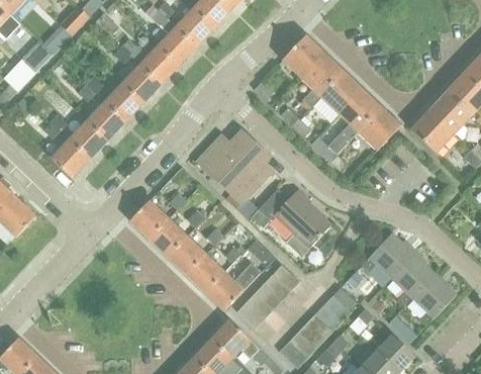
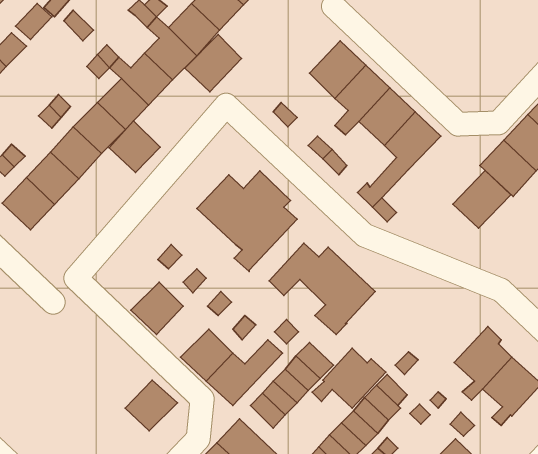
building: none -> [185,34,242,92]
building: none -> [109,121,160,173]
building: [357,107,400,151] -> [453,171,511,228]
building: [129,199,169,239] -> none
building: [361,232,416,278] -> [312,348,386,408]
building: [167,236,206,274] -> [125,380,177,431]

